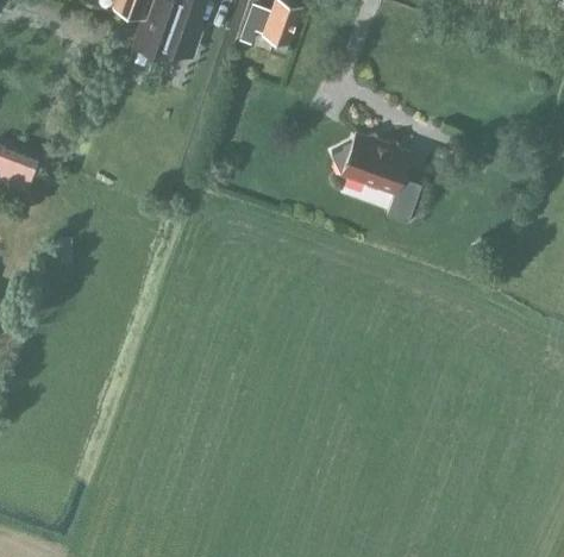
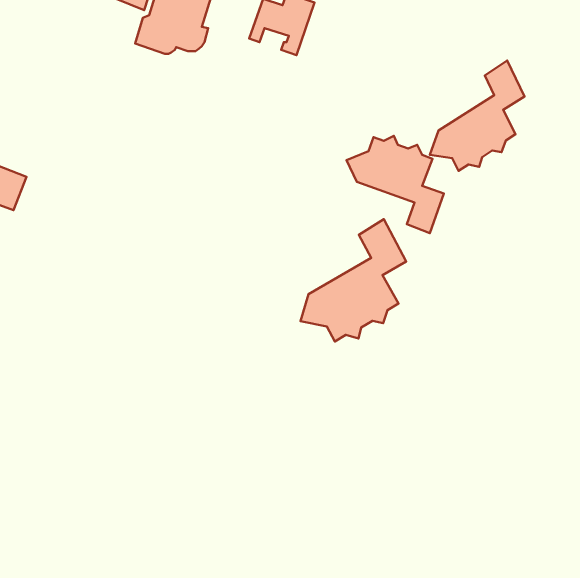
building: none -> [430,61,524,171]
building: none -> [300,219,406,342]

